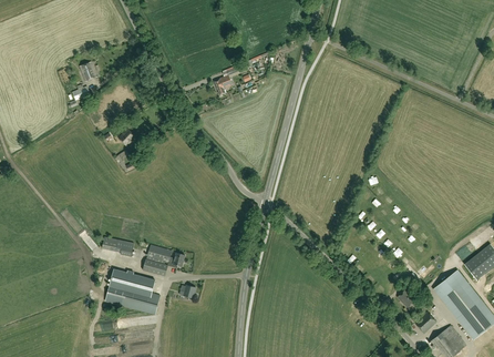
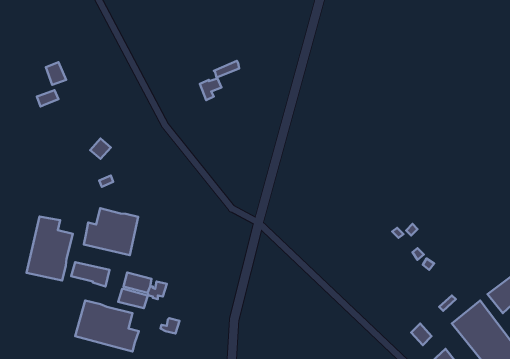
building: none -> [84,208,138,255]
building: none -> [26,216,73,280]

